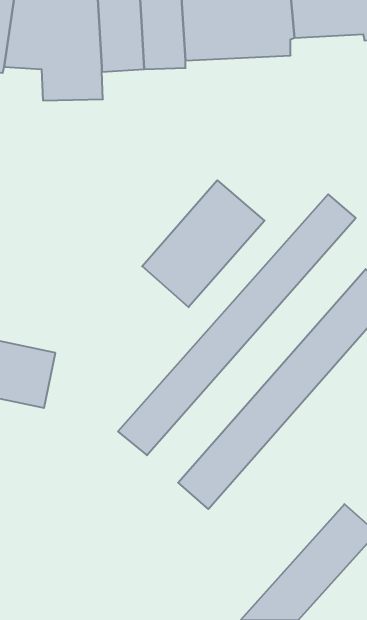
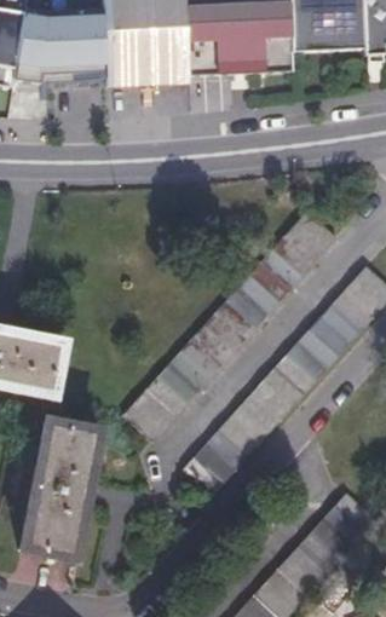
building: [142,180,265,307] -> none
building: none -> [17,428,97,567]

